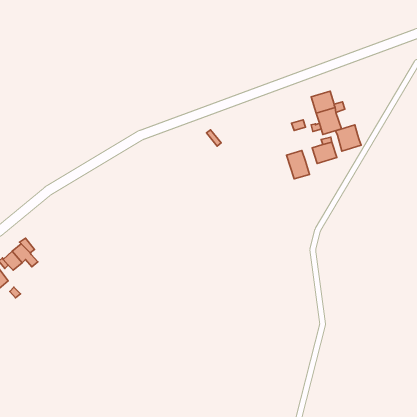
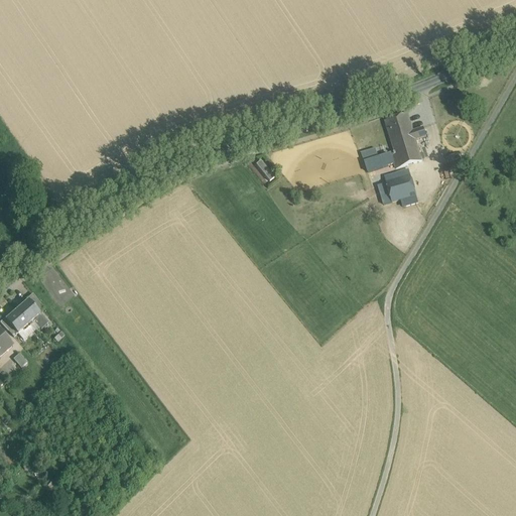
building: [336,125,361,151] -> none
building: [286,150,309,179] -> none

